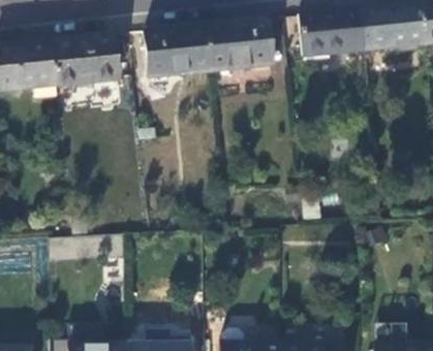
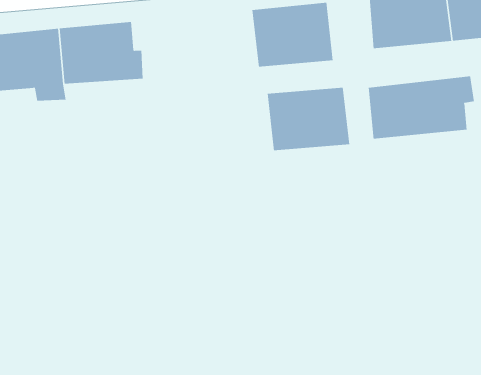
building: [146,26,212,76] -> [267,87,350,151]
building: none -> [368,75,475,139]

